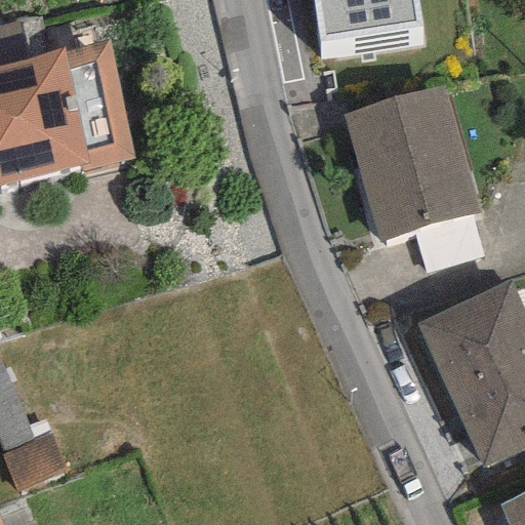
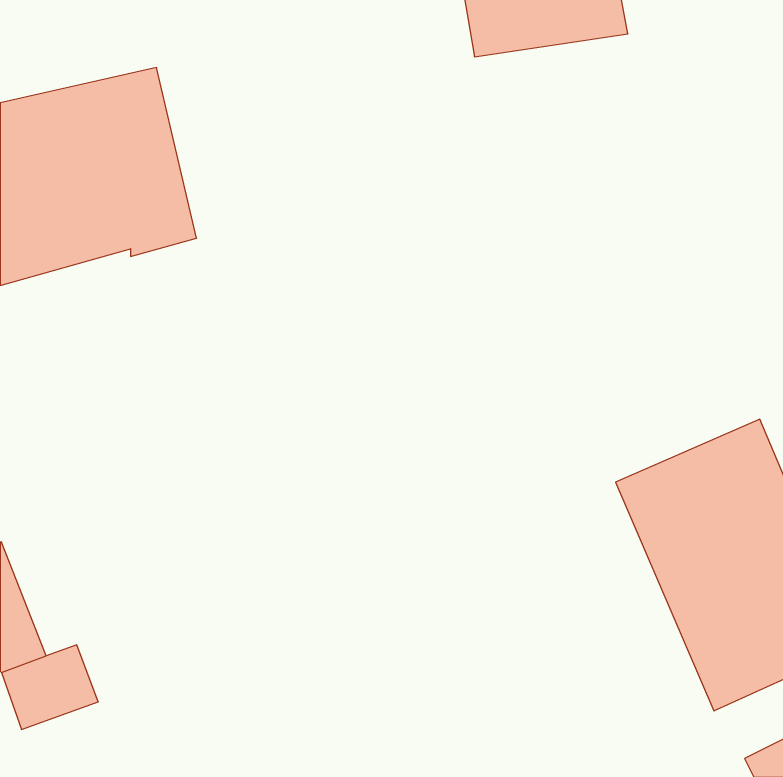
building: [344,81,484,243] -> none

